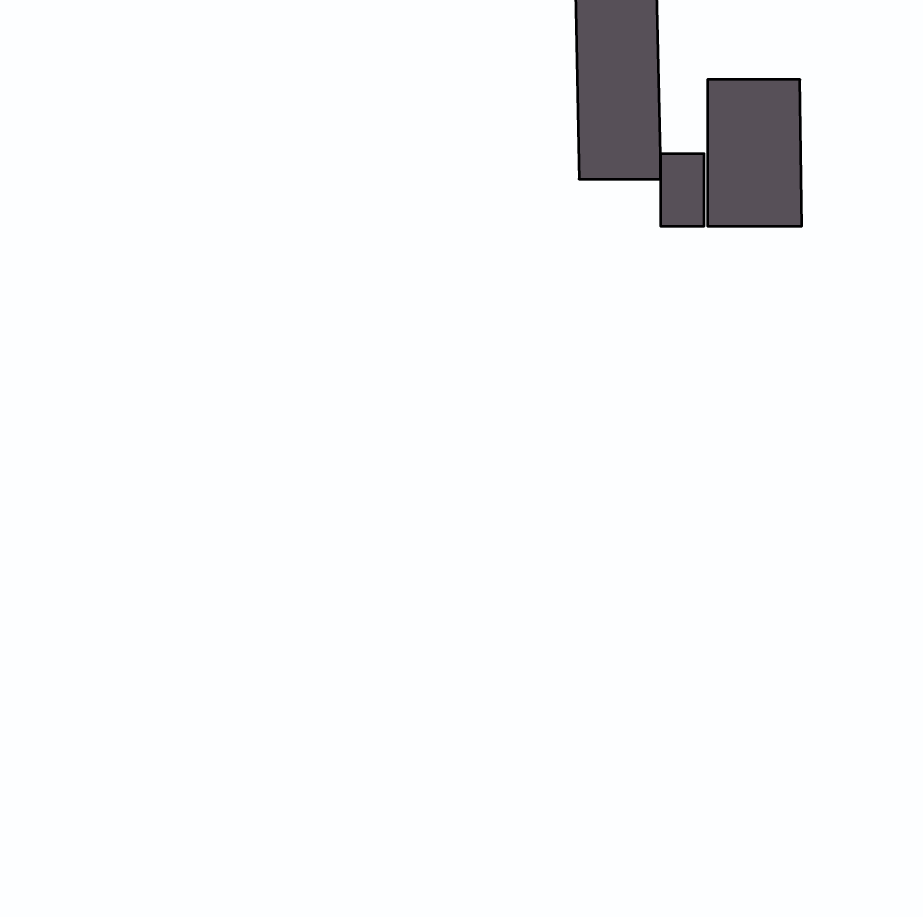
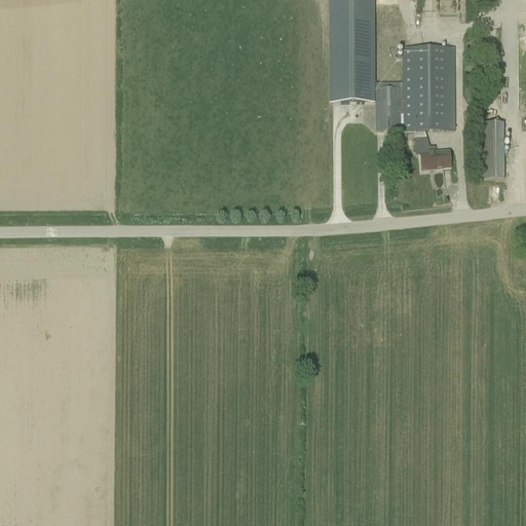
building: none -> [479,122,504,179]
building: none -> [415,136,451,167]

